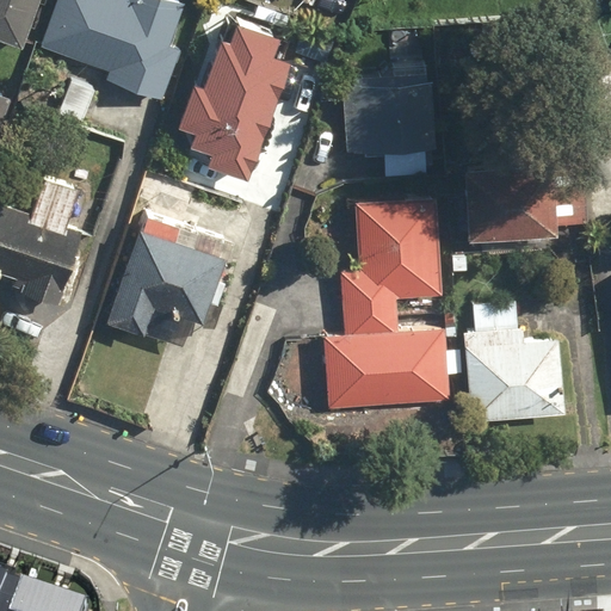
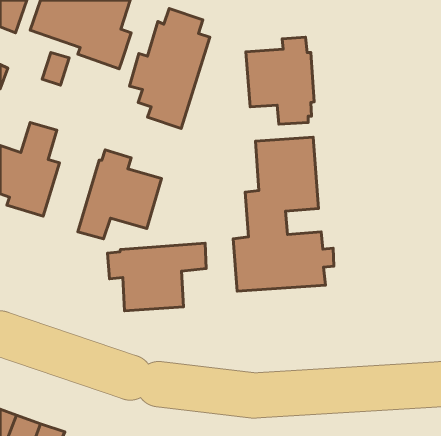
building: [462,159,556,239] -> none
building: [463,326,563,421] -> none
building: none -> [107,243,206,311]

